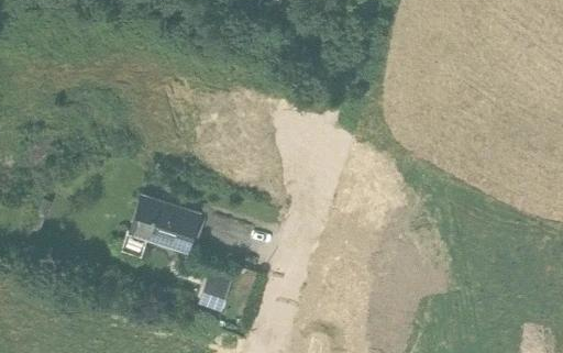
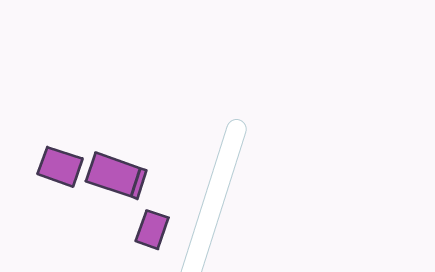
building: none -> [38,147,82,187]

